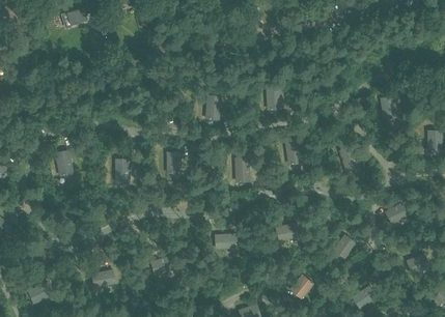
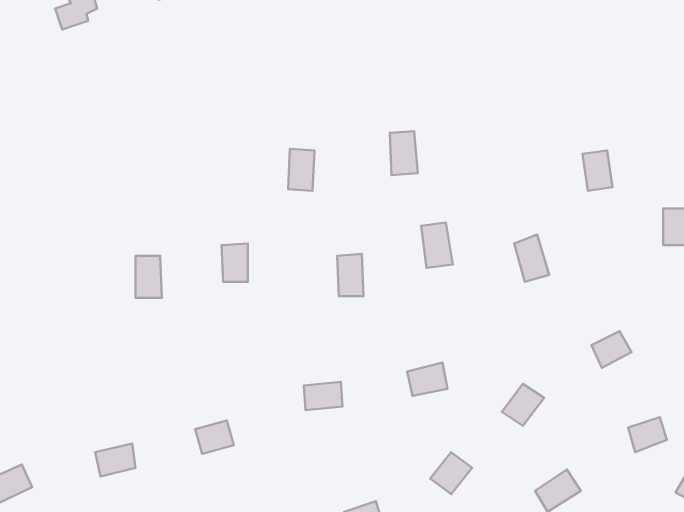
building: [54,150,75,177] -> none

